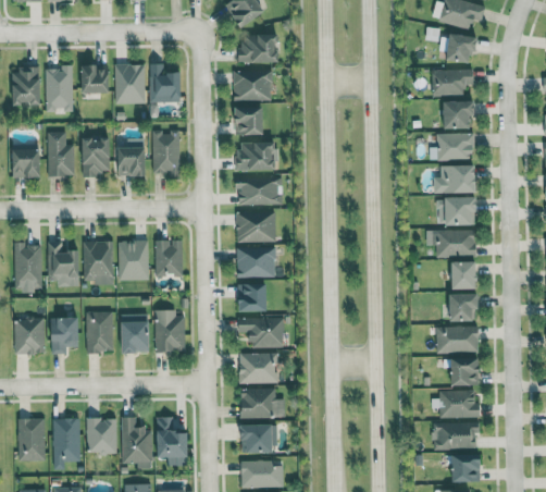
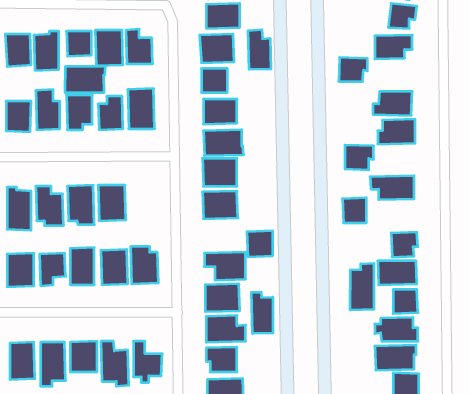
building: none -> [248,30,271,69]
building: [444,101,476,128] -> [339,57,367,81]
building: none -> [65,66,105,93]
building: [447,197,480,225] -> [345,145,374,170]
building: [156,239,183,275] -> none
building: [451,261,479,290] -> [342,198,366,223]
building: [238,283,268,312] -> [247,231,273,257]
building: none -> [350,263,374,310]
building: none -> [251,292,273,334]

